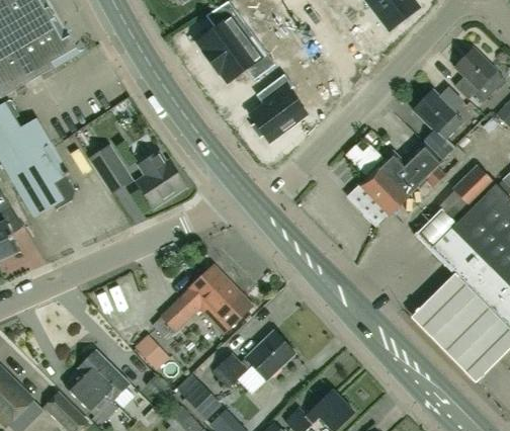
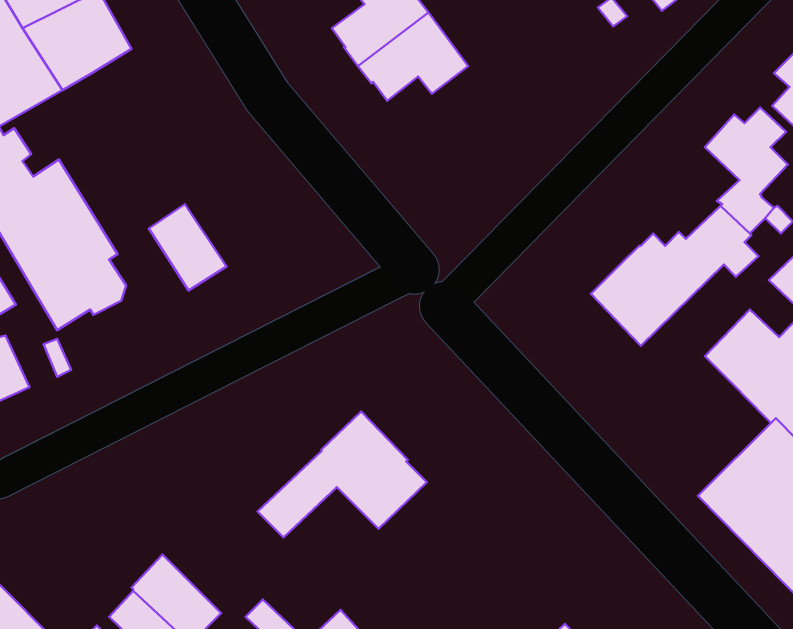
building: [249,73,306,140] -> none
building: [136,152,185,207] -> none
building: [214,331,294,386] -> none
building: [135,334,170,369] -> none

